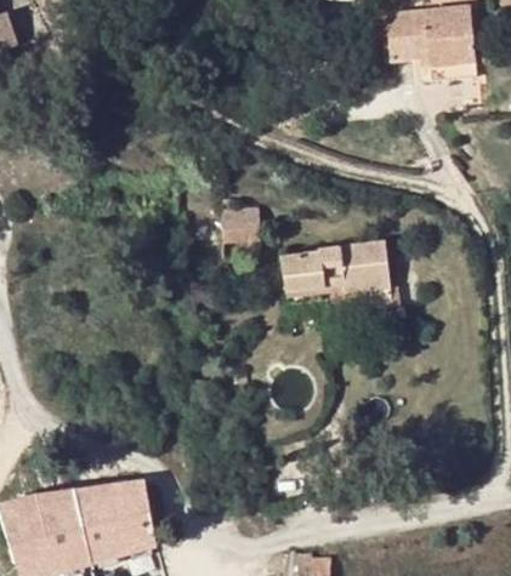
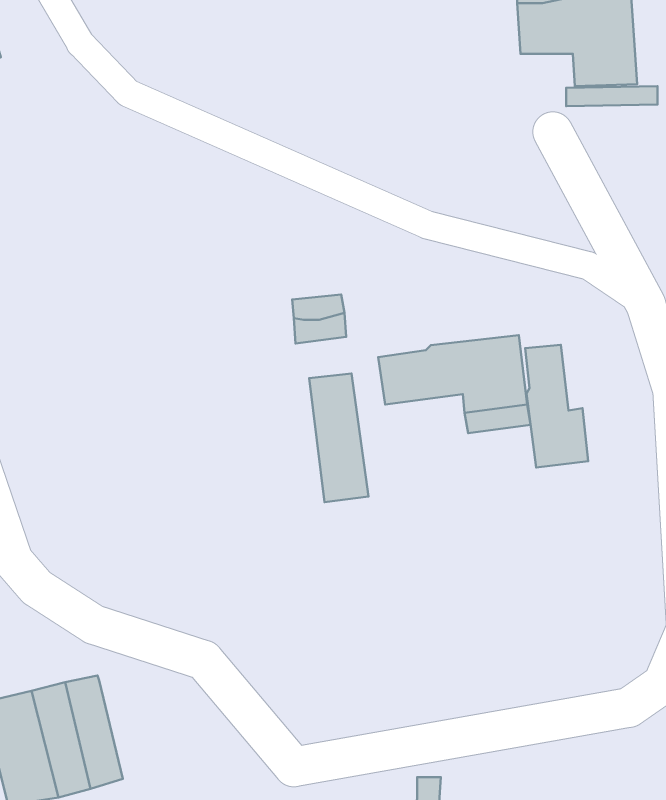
building: none -> [525,345,588,467]
building: none -> [309,373,368,502]
building: [85,479,155,559] -> none

